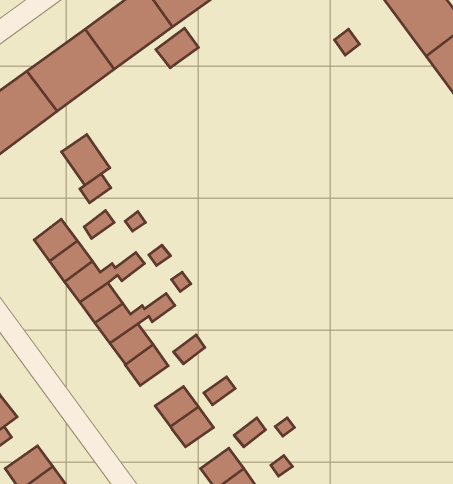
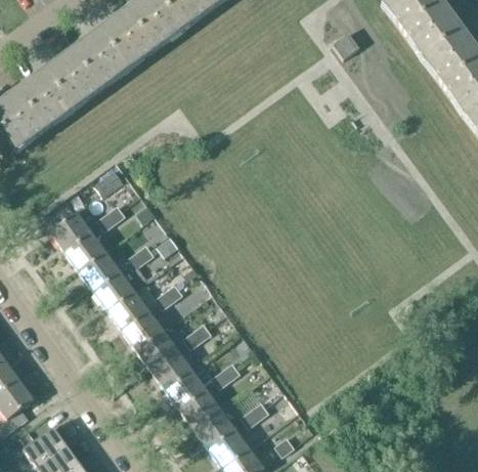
building: [156,28,198,68] -> none
building: [62,135,110,185] -> none
building: none -> [151,350,192,388]
building: none -> [194,409,235,447]

